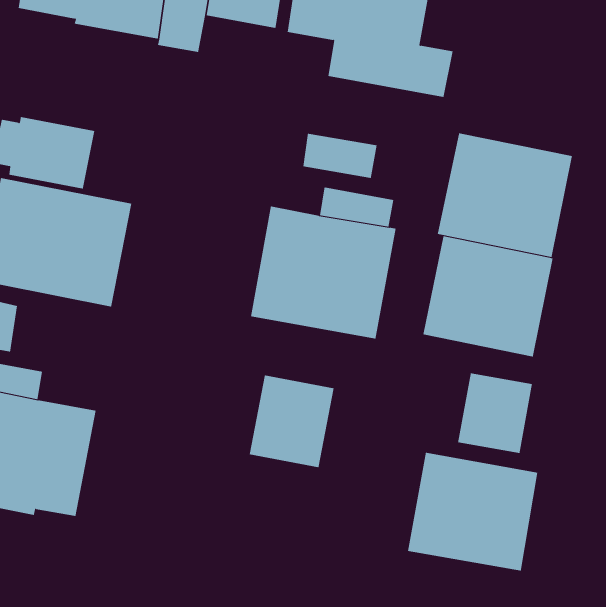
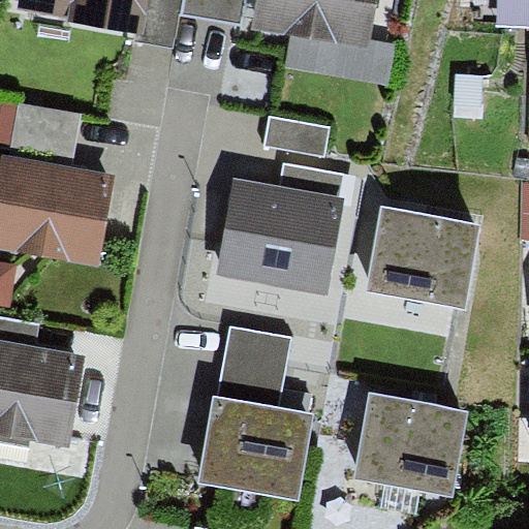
building: [437,133,572,258] -> none
building: [458,372,533,454] -> none
building: none -> [195,394,313,501]

